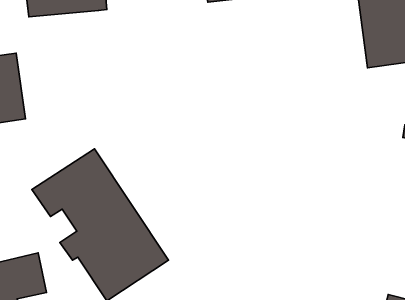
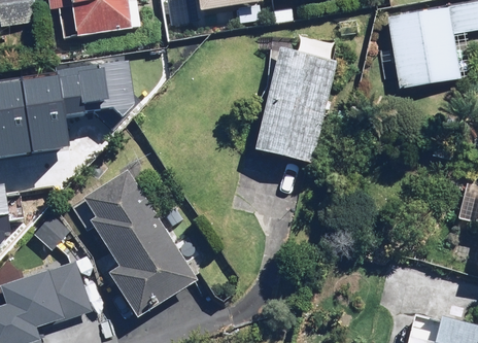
building: none -> [253,47,336,161]
building: none -> [58,65,137,123]

